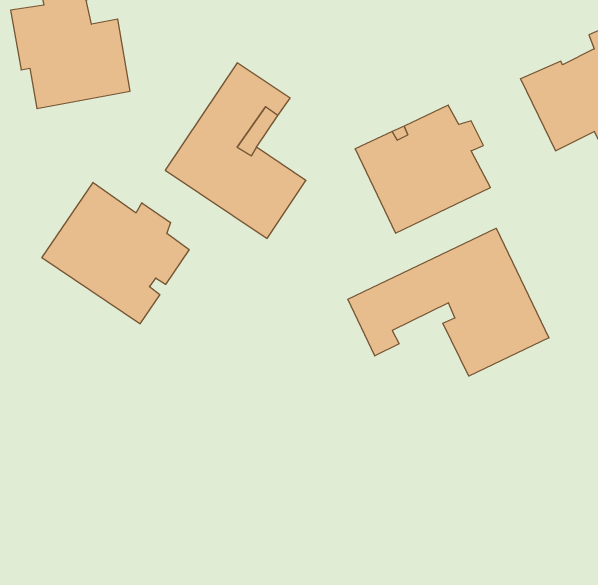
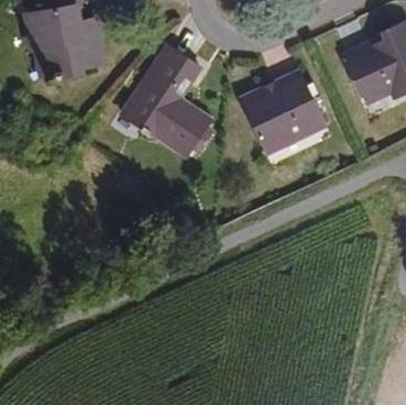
building: [42,182,189,324] -> none
building: [348,228,549,376] -> none

